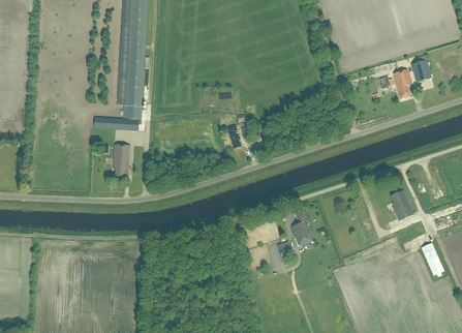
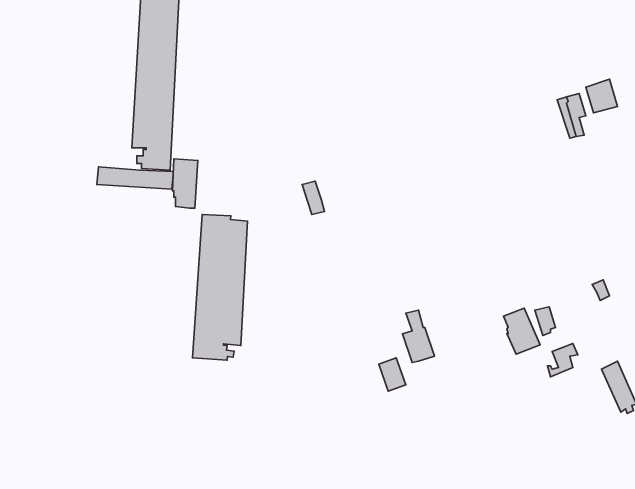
building: [114,144,130,176] -> [172,159,198,208]
building: none -> [193,214,248,360]
building: [391,190,414,220] -> [504,308,540,354]

